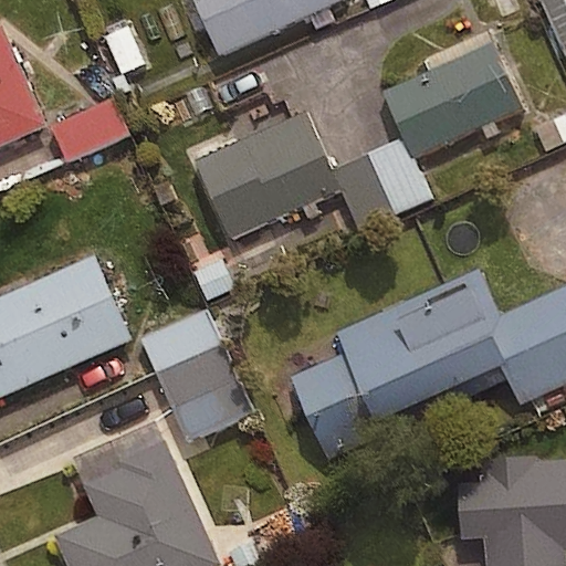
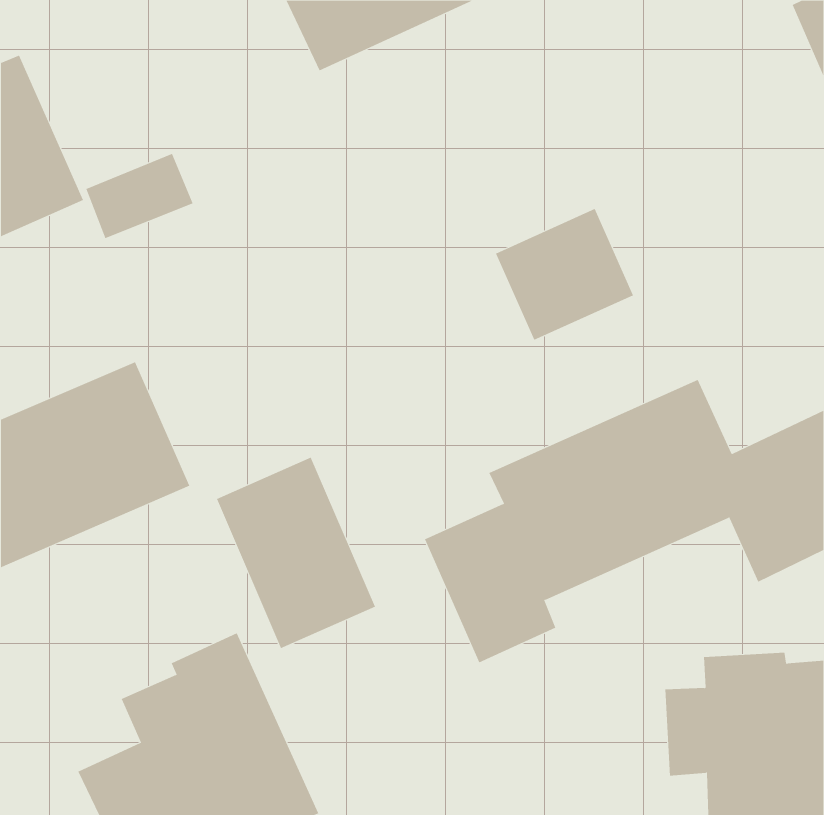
building: [384,43,520,156] -> none
building: [196,111,338,234] -> none

